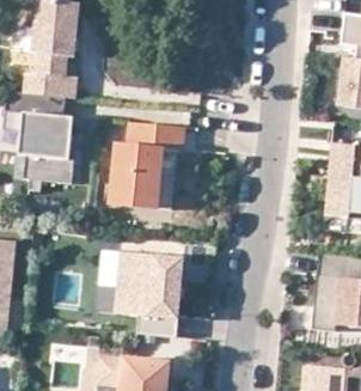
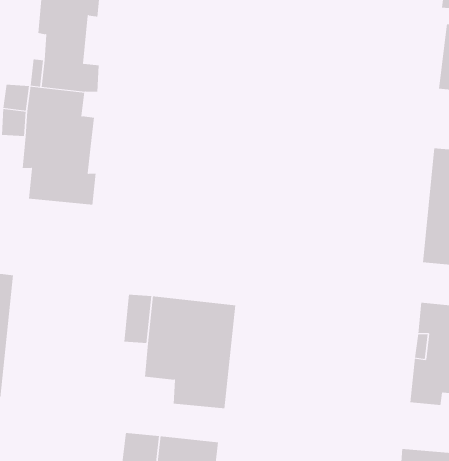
building: [111,122,184,218] -> none

